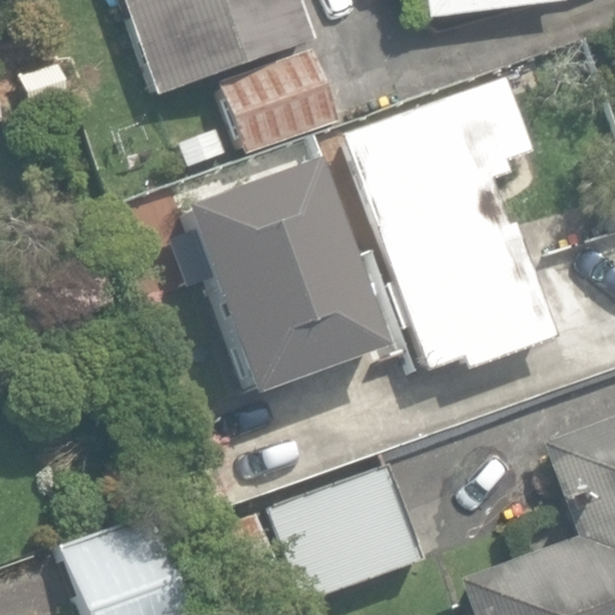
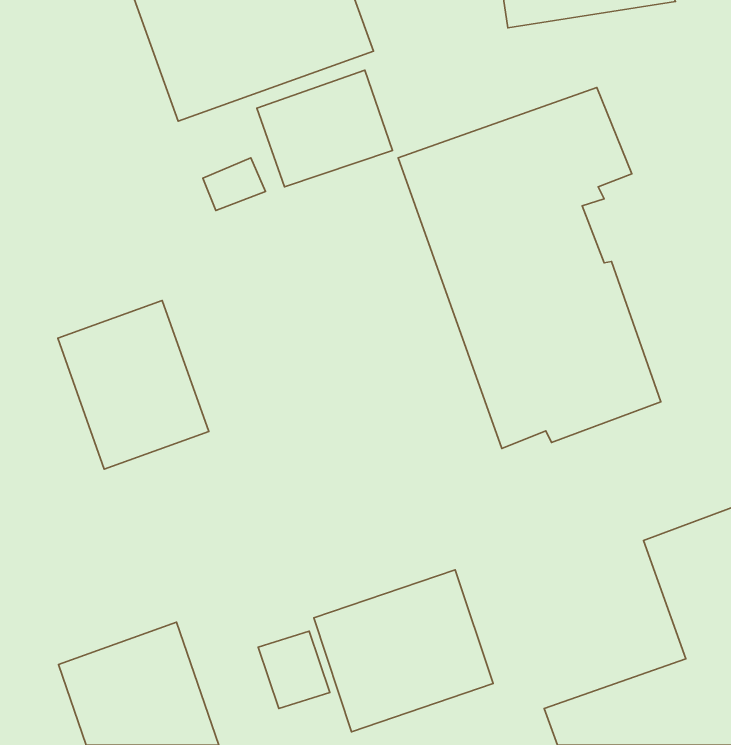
building: [180,154,383,390] -> none
building: none -> [58,300,209,469]

